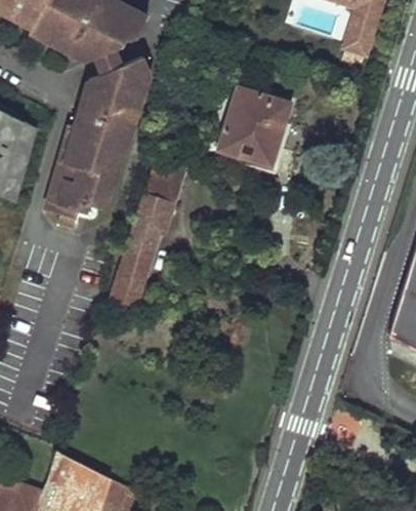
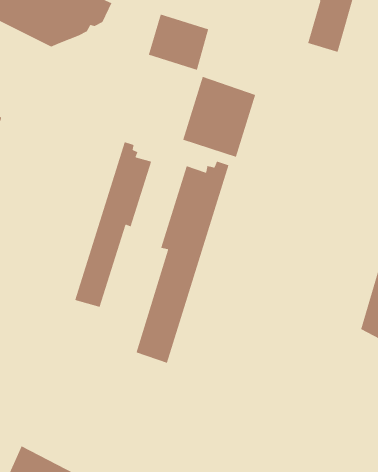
building: none -> [148,14,209,71]
building: [46,47,149,224] -> none
building: none -> [135,161,229,364]

